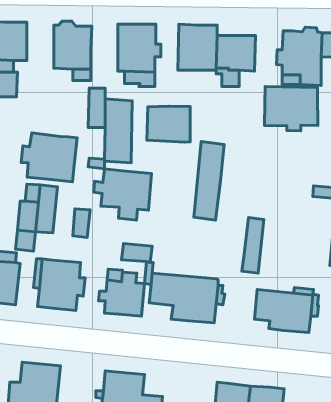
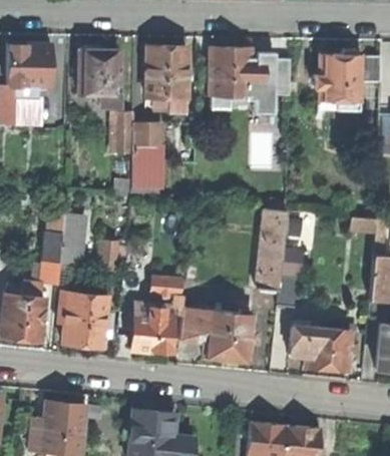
building: [265,87,318,131] -> none
building: [147,106,190,142] -> none
building: [21,133,77,182] -> none
building: [194,142,224,220] -> [256,208,288,291]
building: [94,169,152,220] -> none

